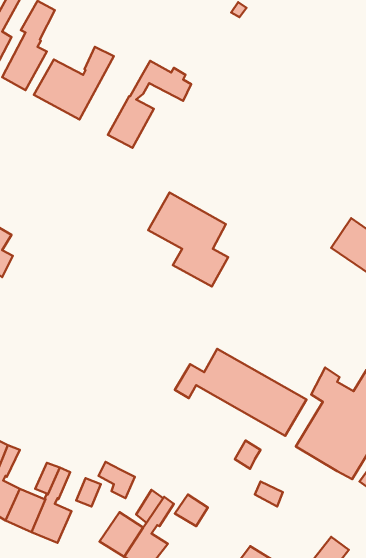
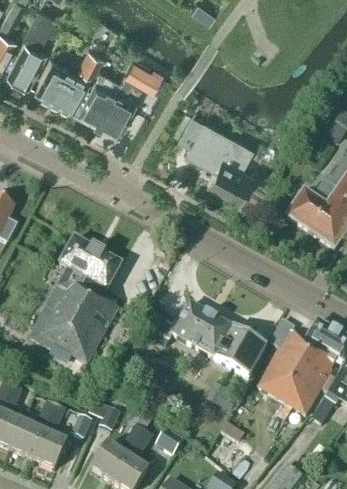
building: none -> [76,76,115,120]
building: [148,192,228,286] -> [186,118,254,198]
building: none -> [38,237,121,361]

